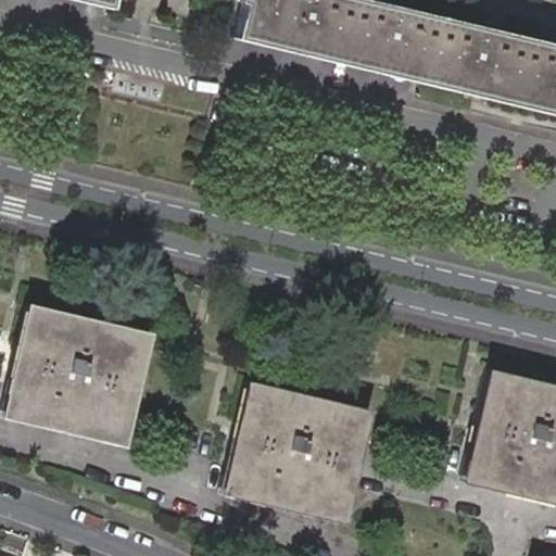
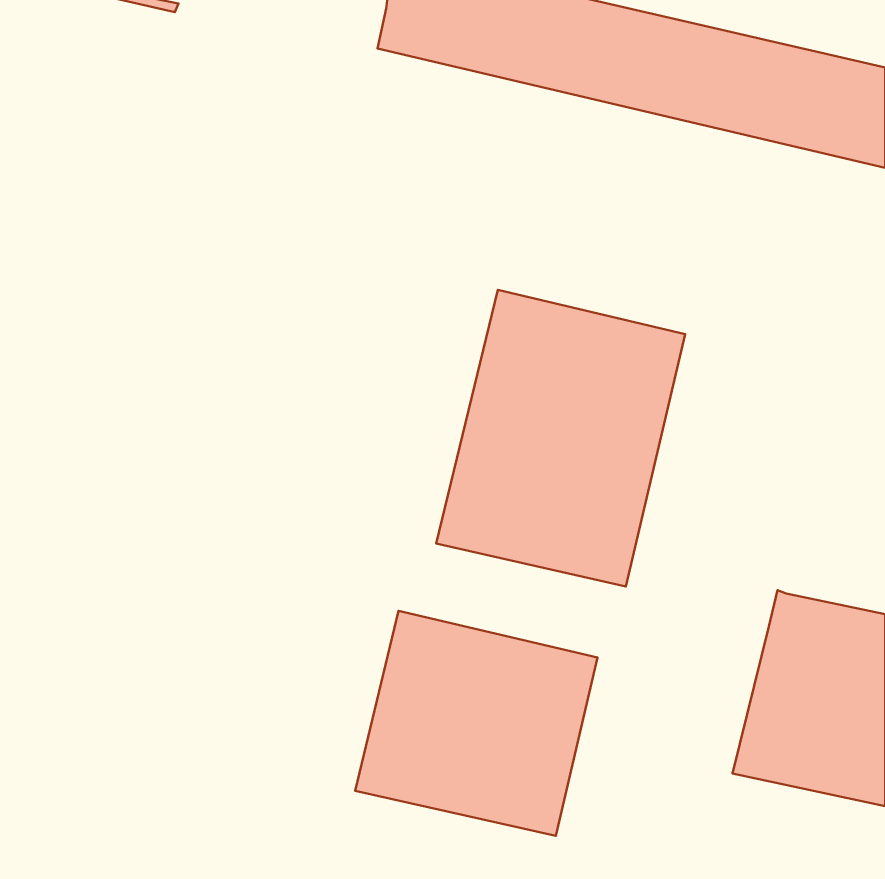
building: none -> [436,290,685,587]
building: [4,304,156,450] -> none

